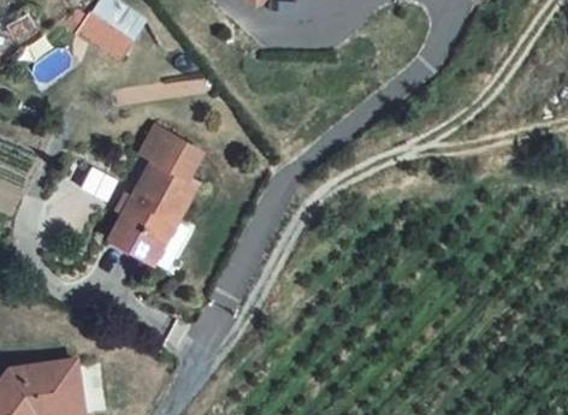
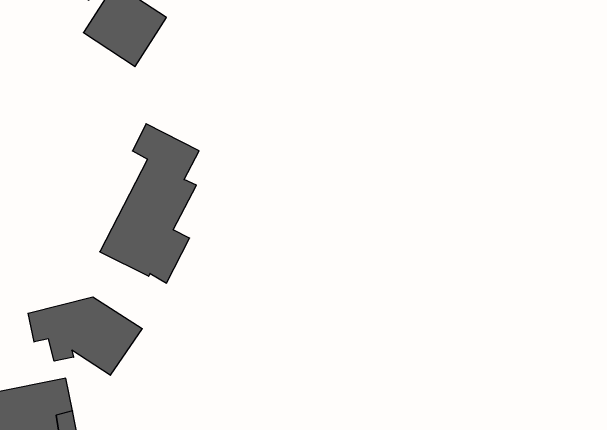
building: none -> [28,297,142,375]

